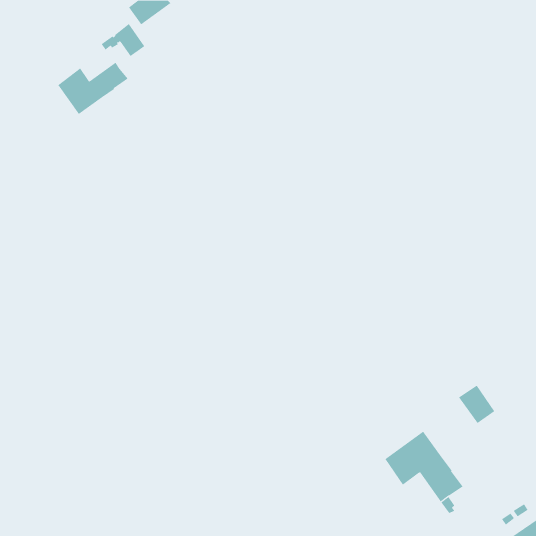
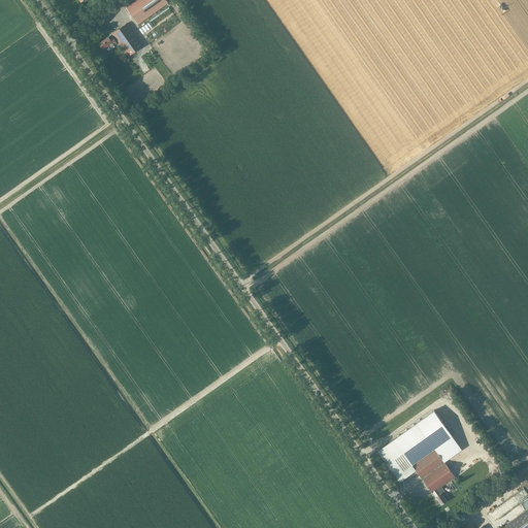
building: [57,62,129,115] -> none
building: [458,385,495,424] -> [417,411,453,450]

